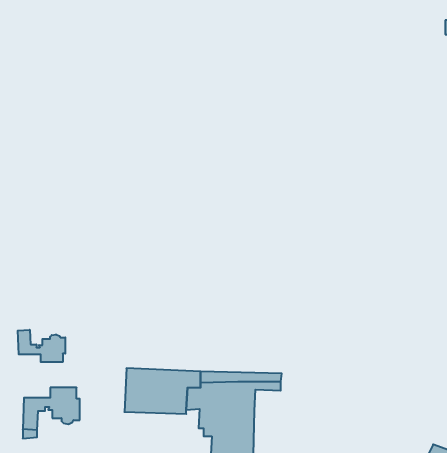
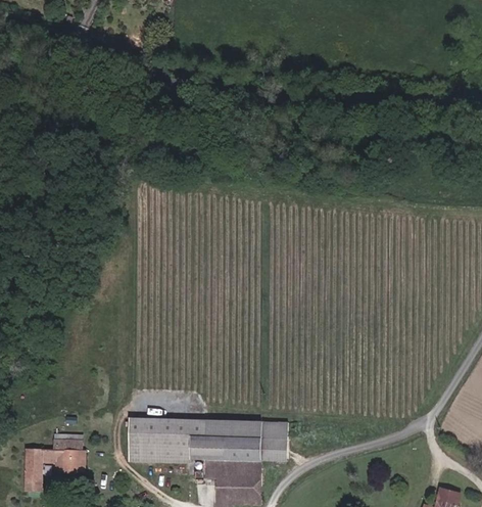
building: [18,330,65,362] -> none
building: none -> [259,439,287,461]

